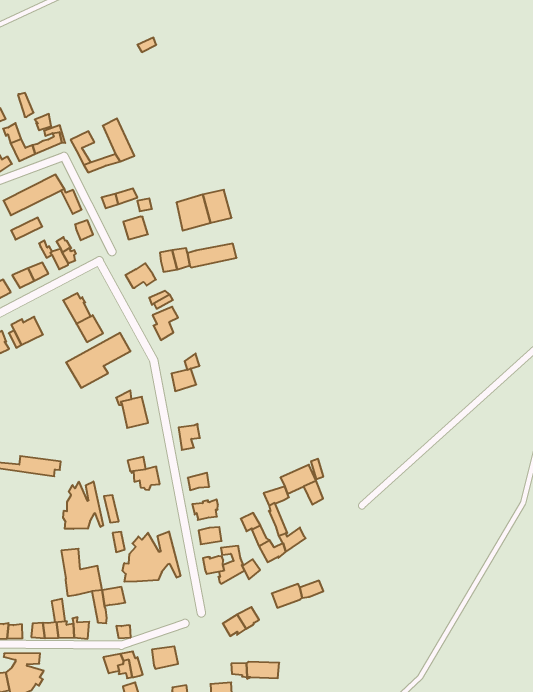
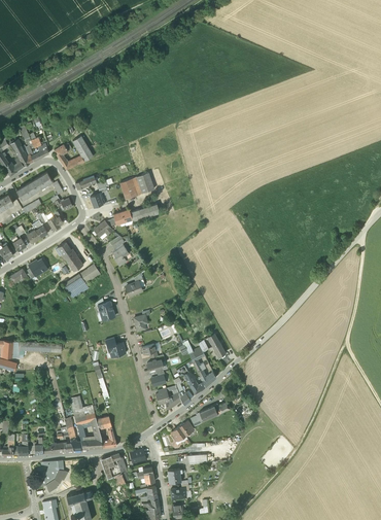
building: [63,481,103,529] -> none
building: [123,531,180,582] -> none

